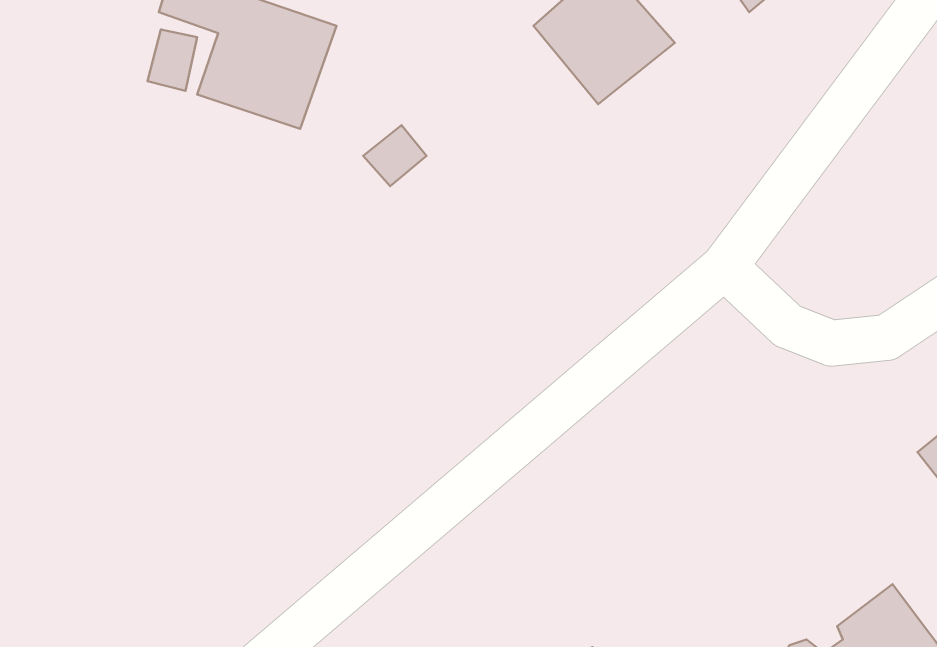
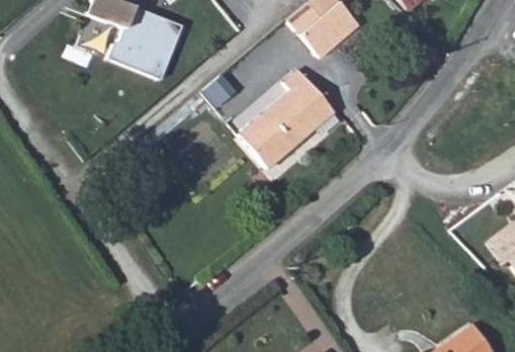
building: none -> [236,73,332,170]

